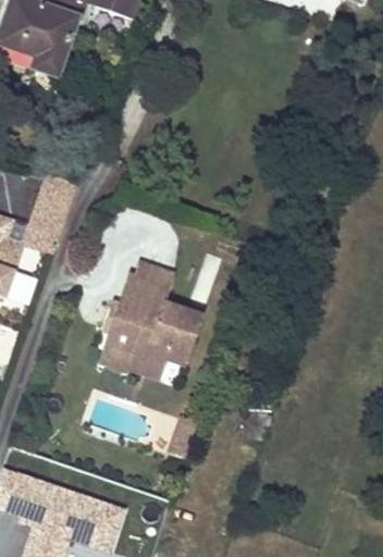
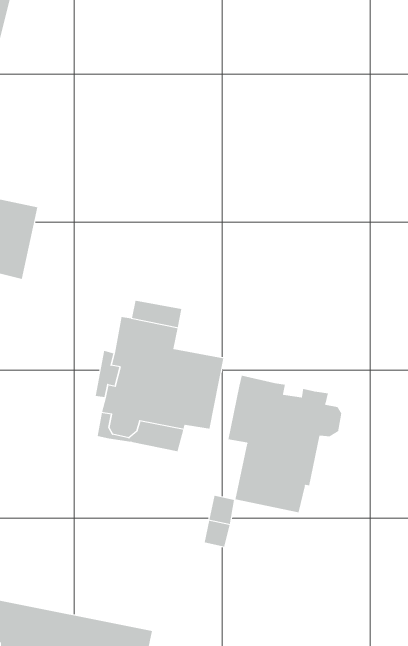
building: none -> [228,375,342,513]

